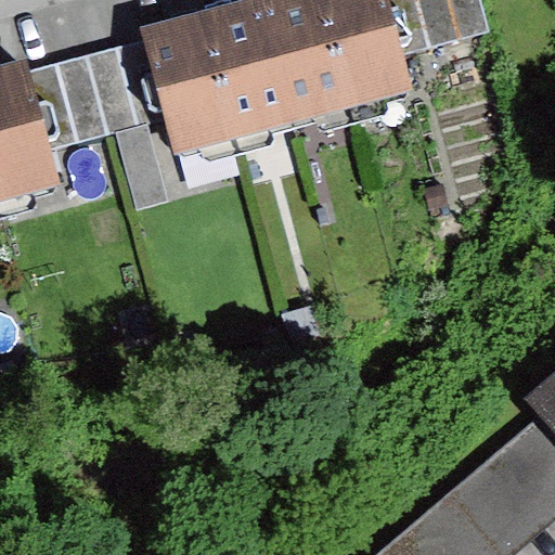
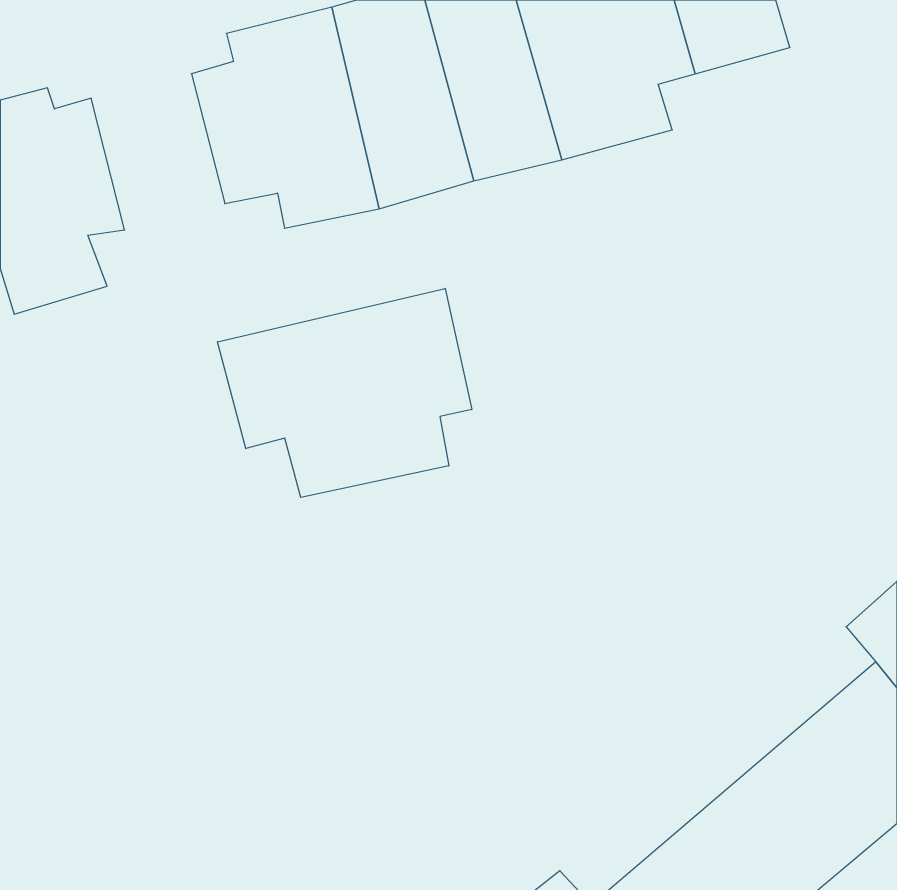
building: [56,50,139,146] -> none
building: none -> [217,288,472,497]

